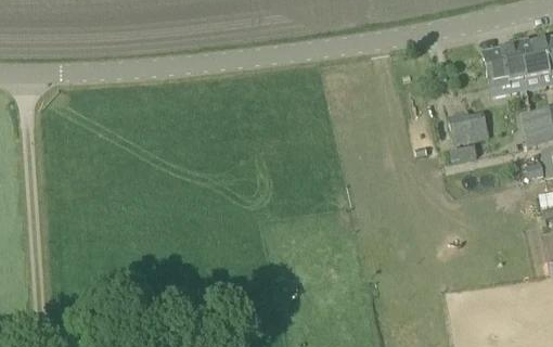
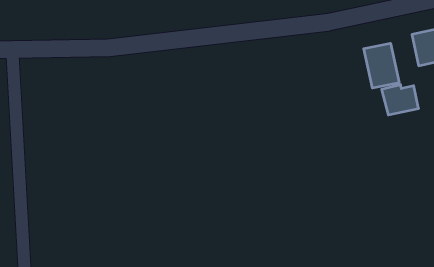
building: none -> [364,43,399,88]

